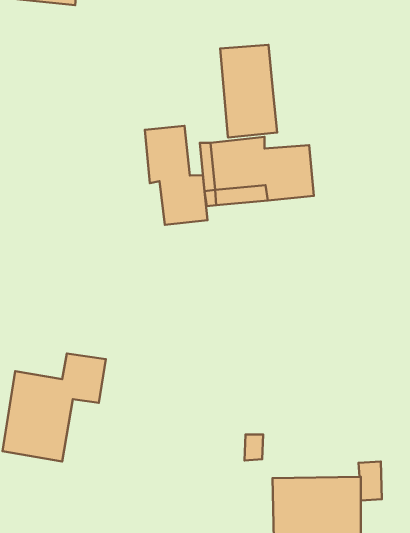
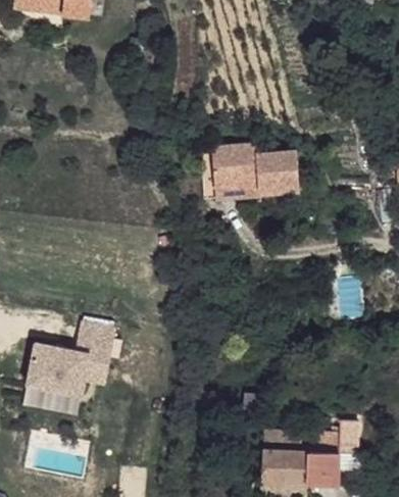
building: [220,45,277,138] -> none
building: [145,126,207,225] -> none

